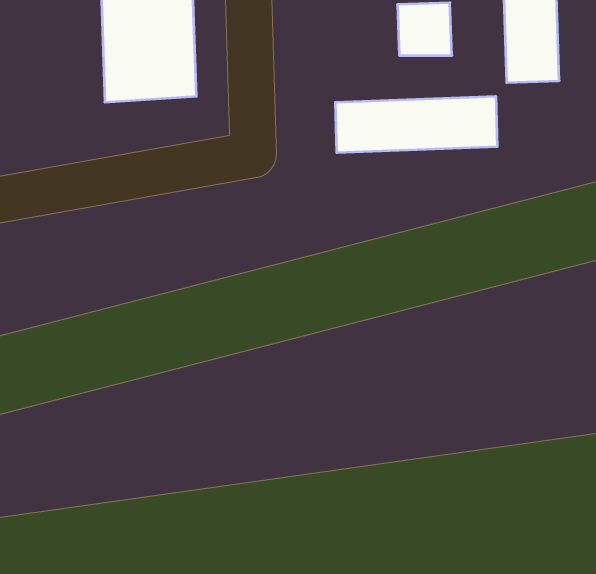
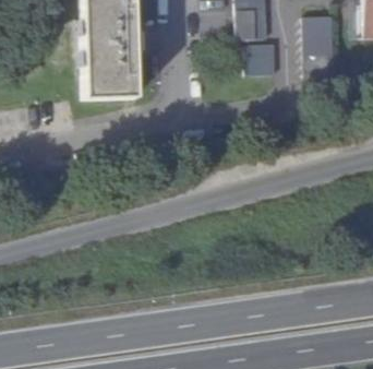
building: [335,96,497,153] -> none

